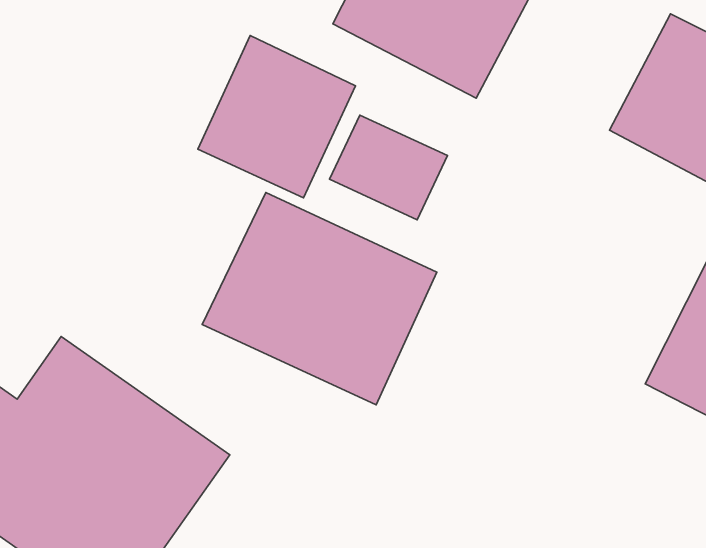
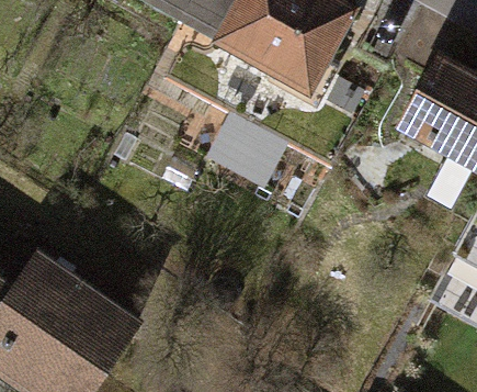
building: [198,35,356,198] -> none
building: [202,192,437,405] -> none

